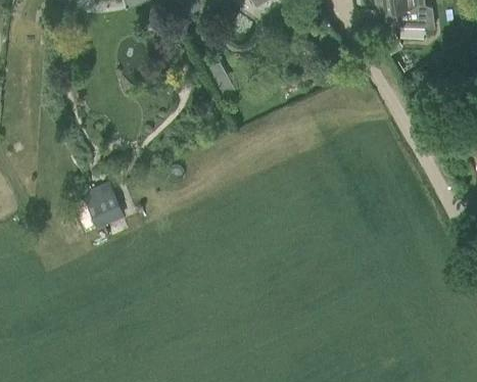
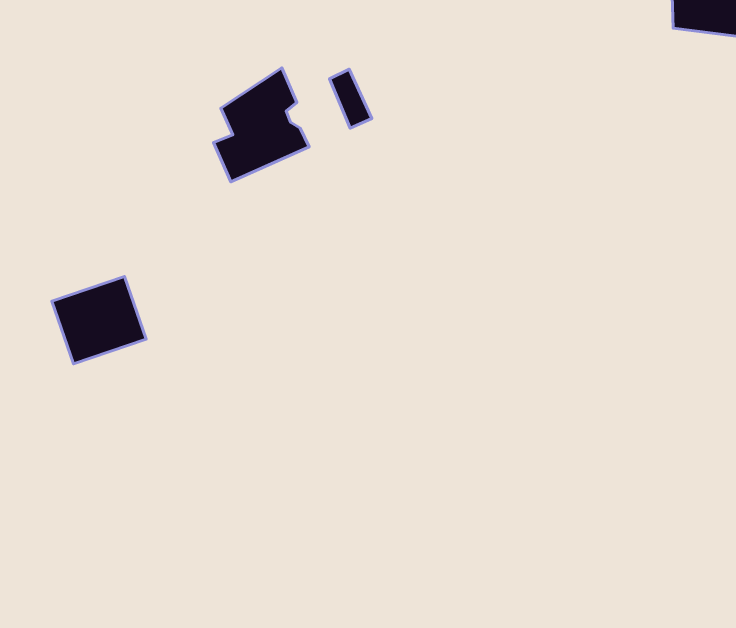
building: none -> [214,68,309,182]

